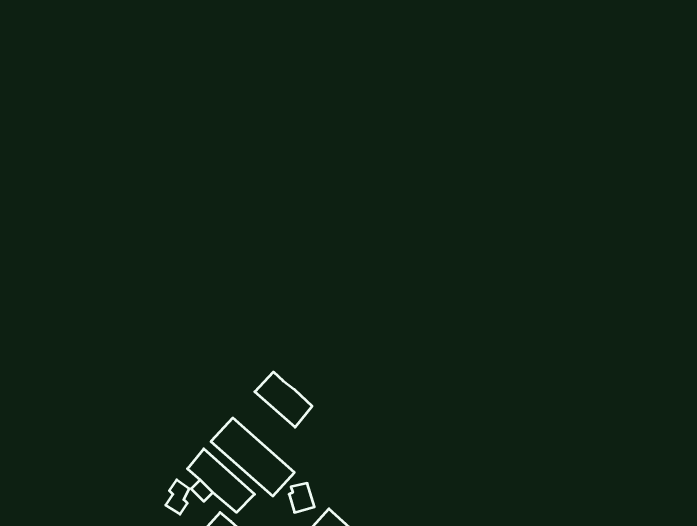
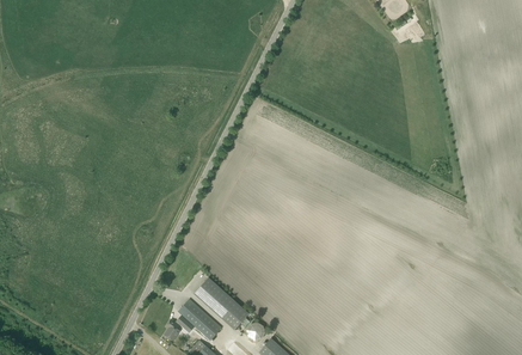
building: [255,372,312,427] -> none

